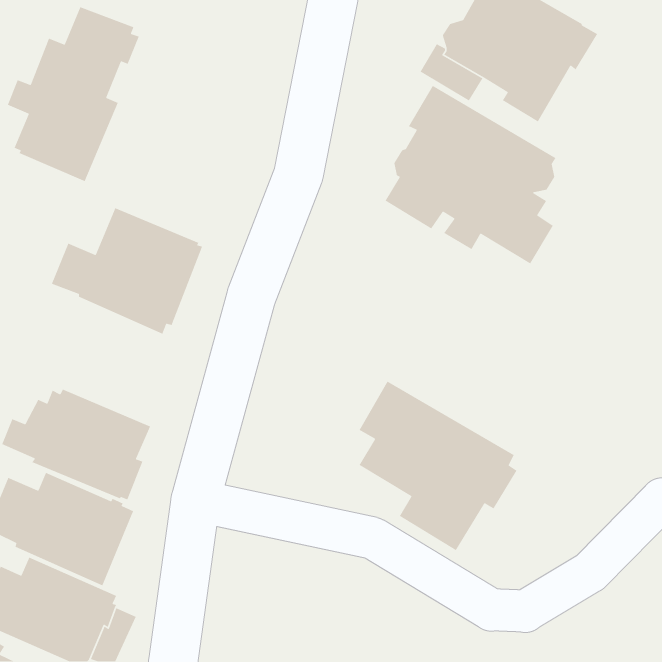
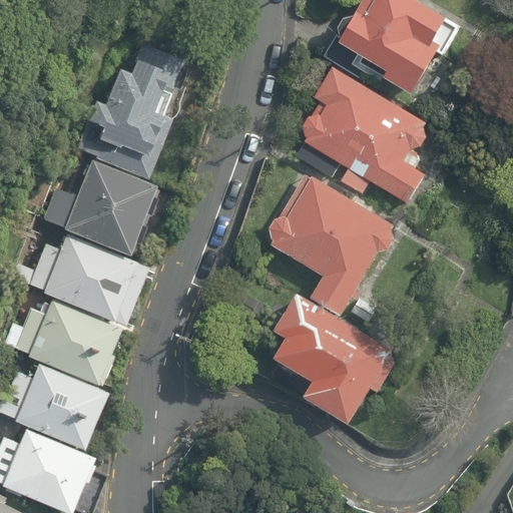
building: [7,6,140,182] -> [83,44,185,179]
building: none -> [270,172,394,315]
building: none -> [9,233,143,325]

